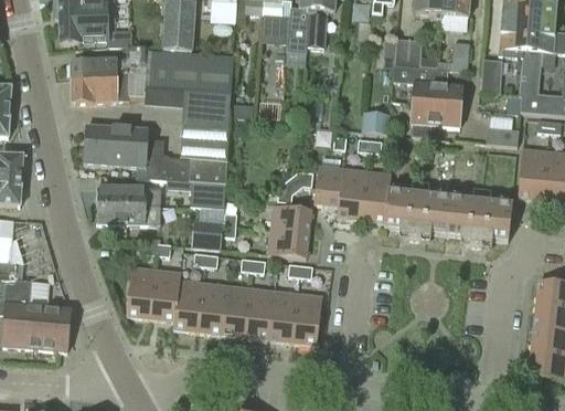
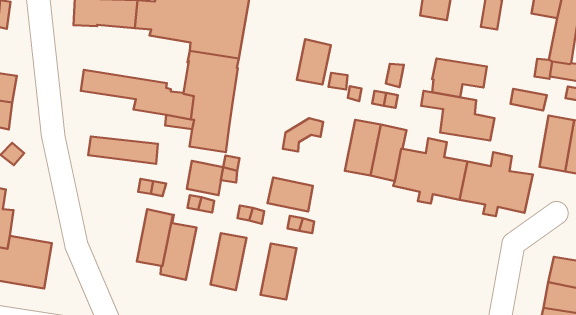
building: [480,57,502,92] -> none
building: [393,65,462,106] -> [421,91,495,140]
building: [85,123,164,148] -> none
building: [313,164,342,204] -> [297,39,331,85]
building: [97,186,161,205] -> none
building: [270,203,311,232] -> none
building: [126,265,156,317] -> none
building: [198,281,226,333] -> none
building: [245,286,274,338] -> none
building: [292,292,322,344] -> none

